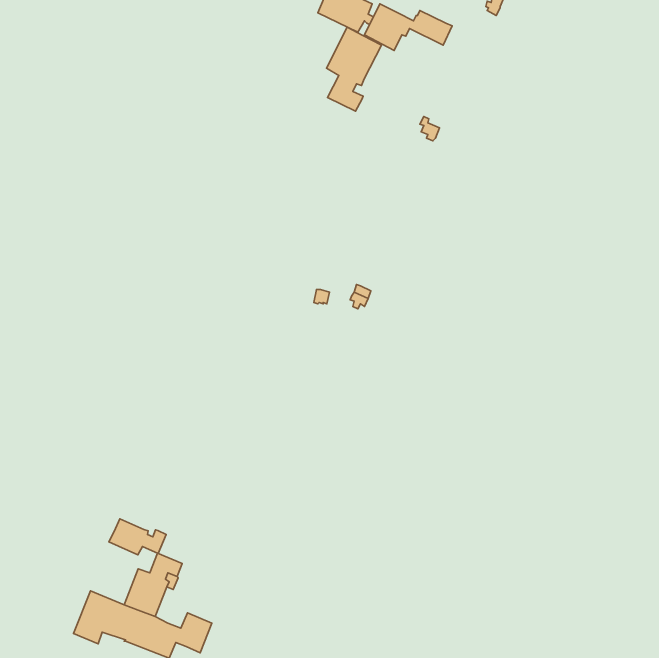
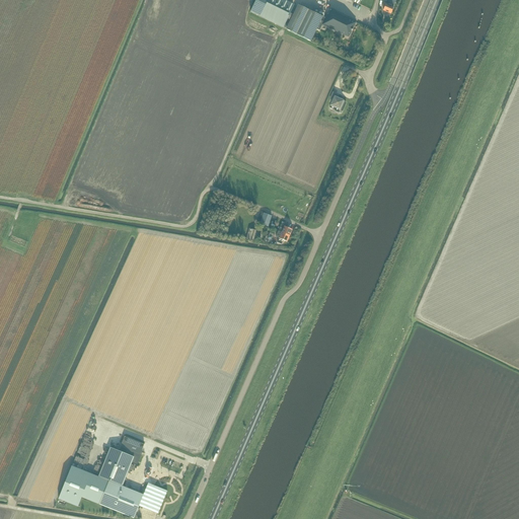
building: [326,27,381,111] -> none
building: [109,519,166,555] -> none

